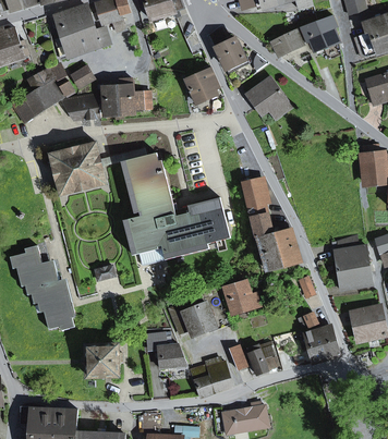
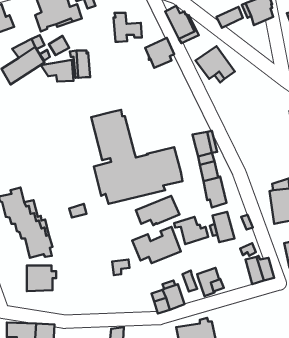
building: [117,78,150,113] -> [114,13,142,42]
building: [50,143,145,194] -> none
building: [274,228,300,264] -> [213,212,235,242]
building: none -> [136,196,179,225]
building: [156,344,186,368] -> none
building: [86,345,121,376] -> [27,266,56,291]

